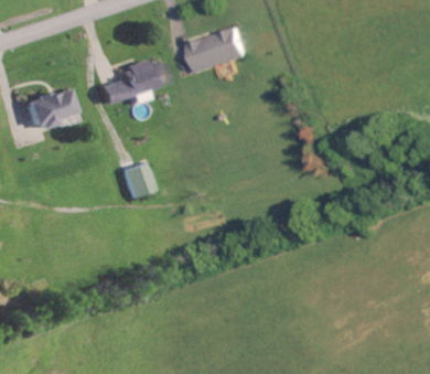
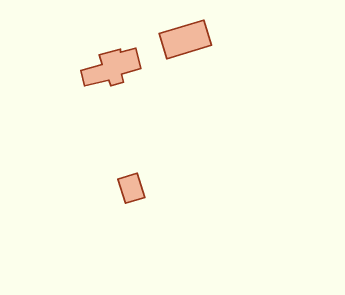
building: [26,87,75,128] -> none
building: [123,162,154,196] -> [118,173,145,203]

